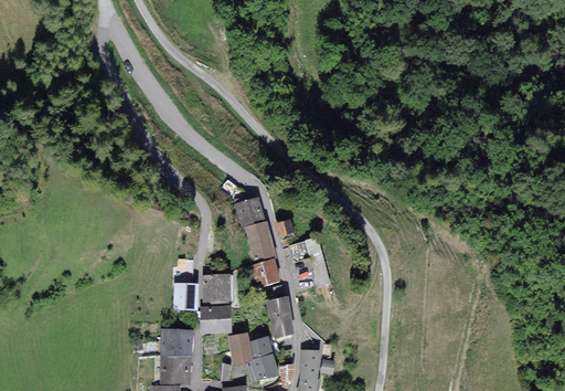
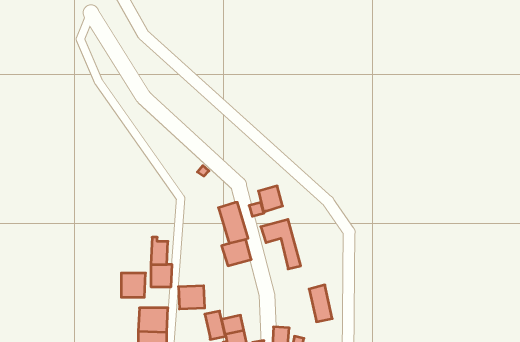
building: [236,199,262,226] -> [258,186,283,212]
building: [204,276,230,302] -> [121,273,146,297]
building: [267,297,291,336] -> [309,285,332,322]

